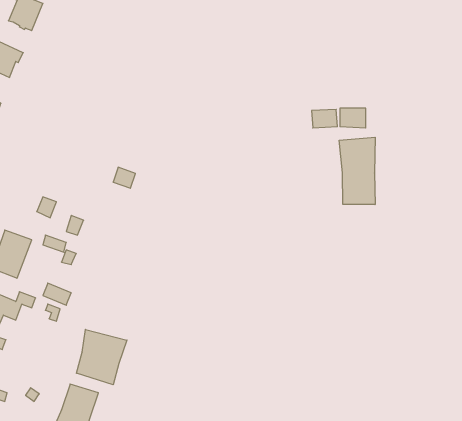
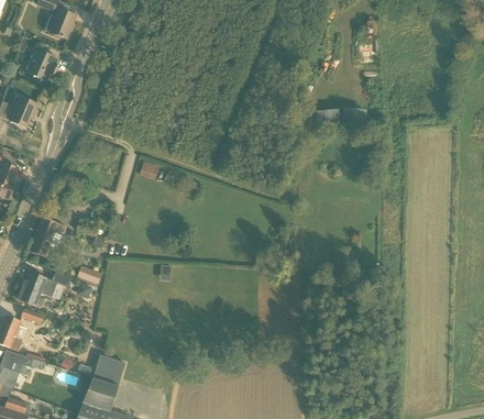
building: [339,137,375,205] -> none
building: [76,329,127,385] -> none

